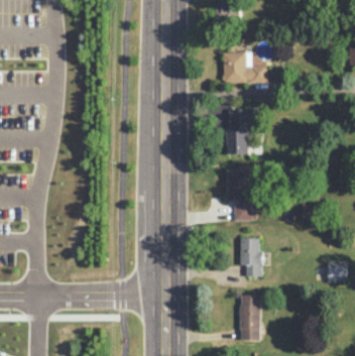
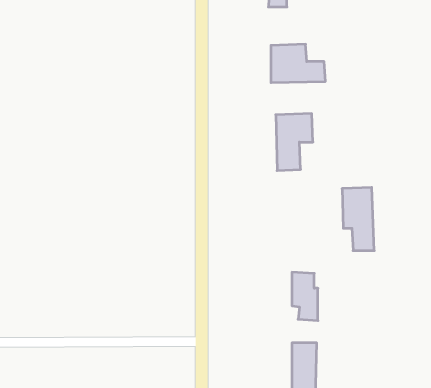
building: [226,168,252,220] -> [342,187,374,251]
building: [327,262,347,281] -> none

